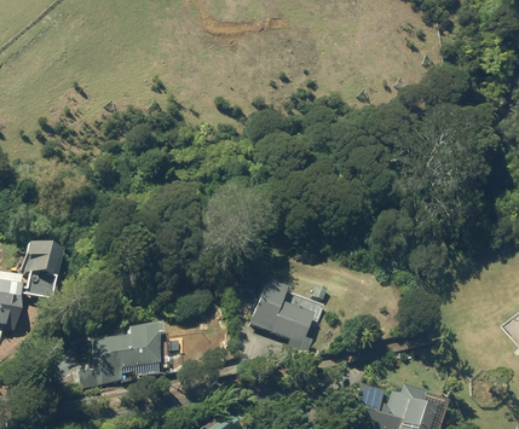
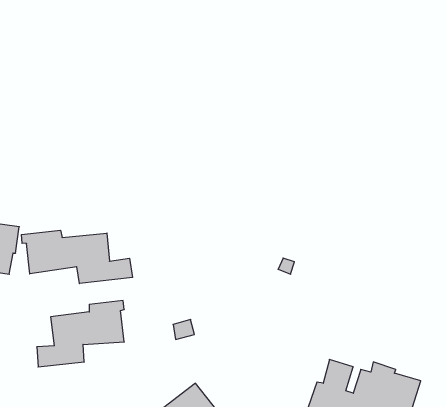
building: none -> [21,230,133,284]
building: [250,278,315,354] -> none

